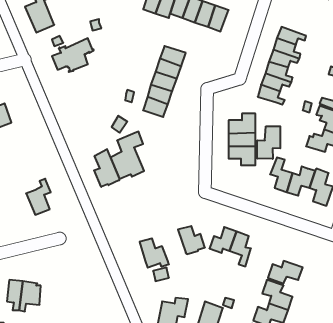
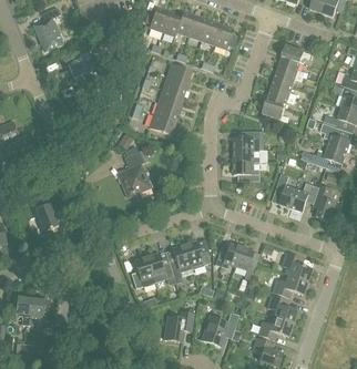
building: [257,126,280,159] -> none
building: [94,149,119,187] -> none
building: none -> [167,244,191,281]
building: none -> [282,252,310,281]
building: none -> [130,256,154,287]

